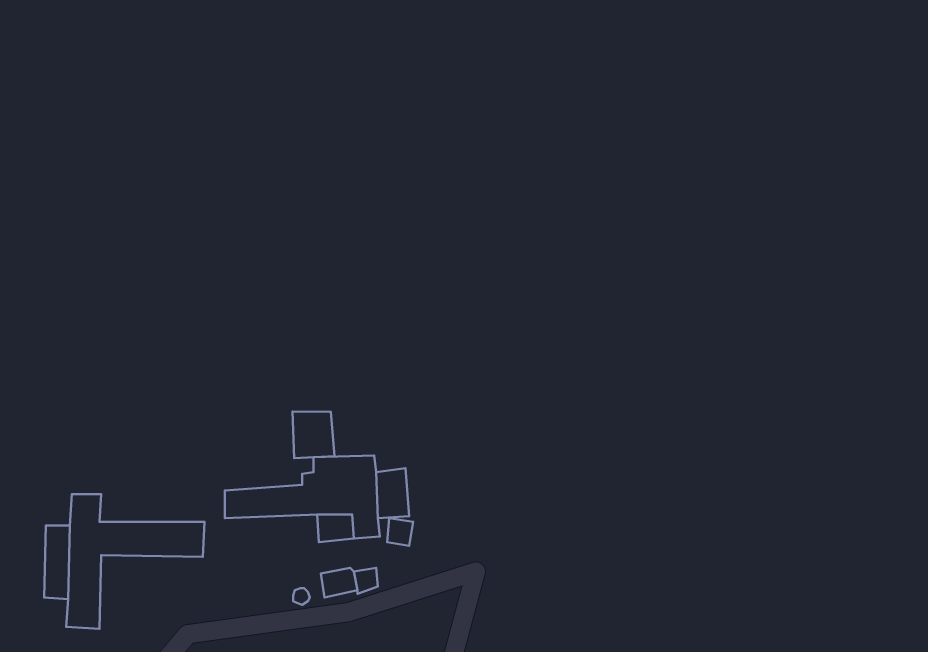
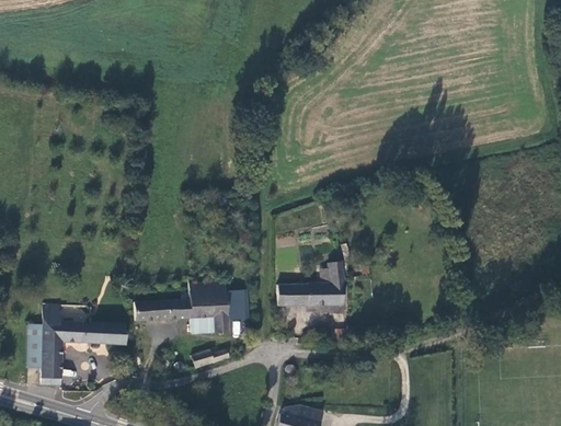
building: [293,412,334,458] -> none
building: none -> [280,263,345,307]

